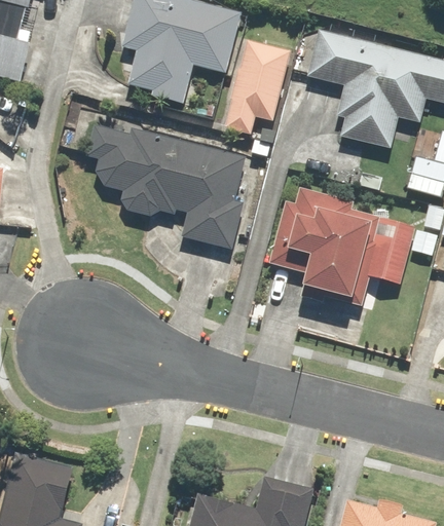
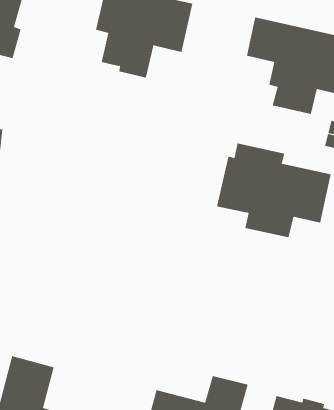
building: [226,39,292,134] -> none
building: [87,125,246,249] -> none

